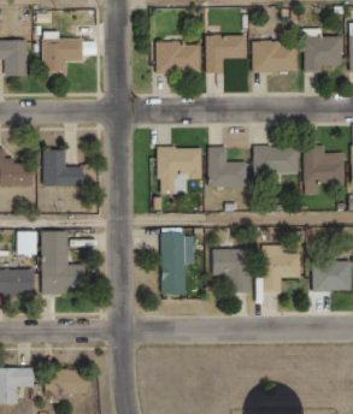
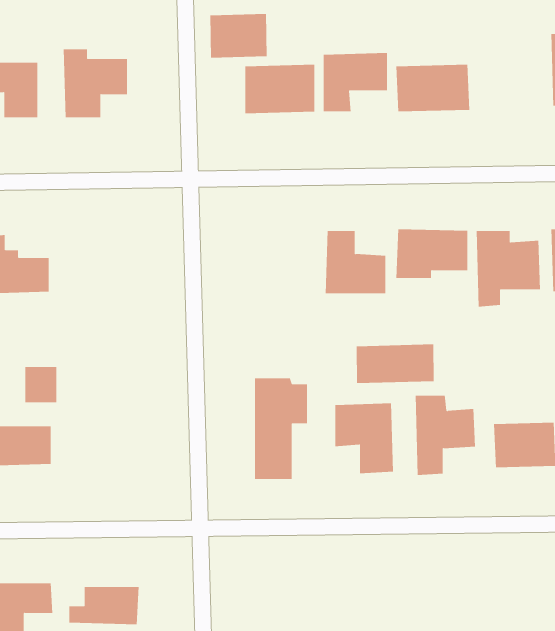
building: none -> [210,13,267,58]
building: [304,31,341,67] -> none
building: [157,146,200,193] -> none
building: [42,149,83,185] -> none
building: none -> [356,344,434,384]
building: [40,230,83,294] -> none

